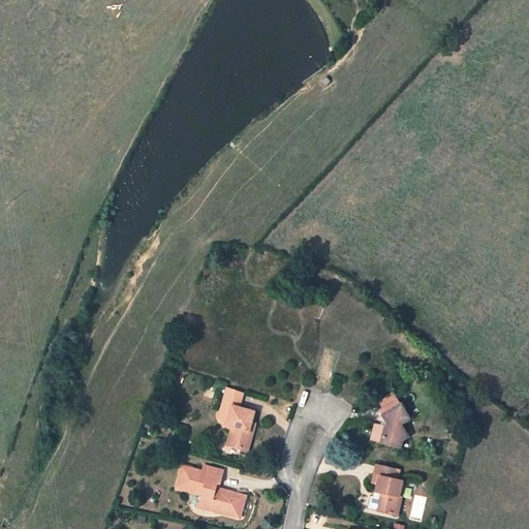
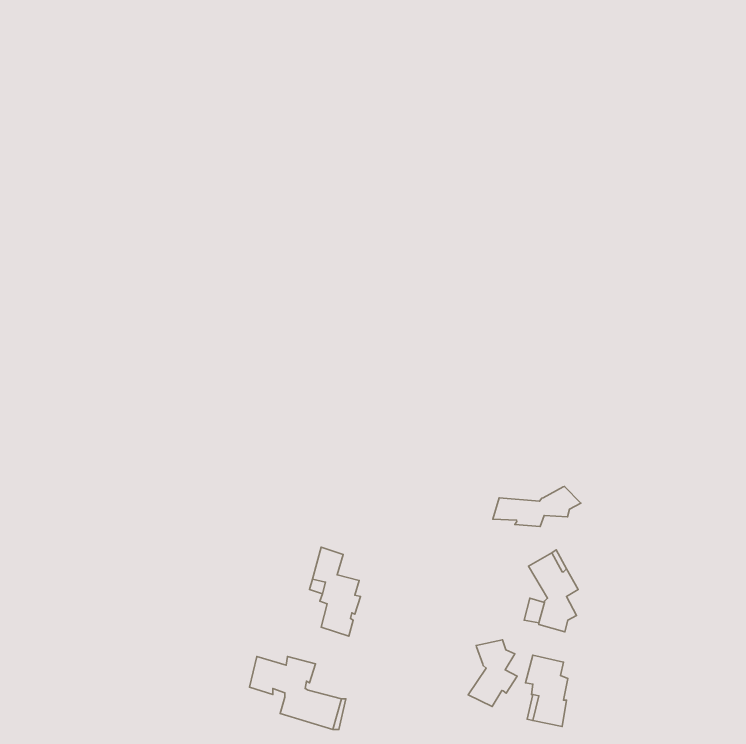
building: none -> [493,486,581,526]
building: none -> [468,640,517,707]

